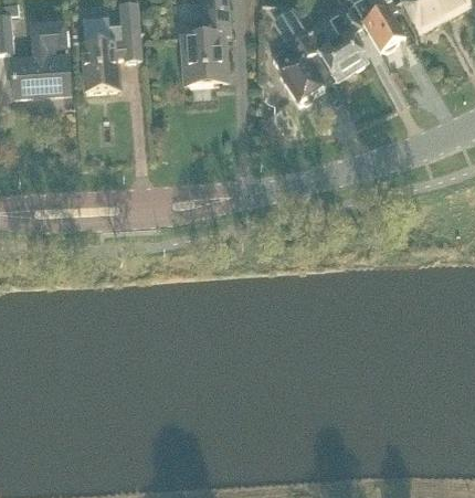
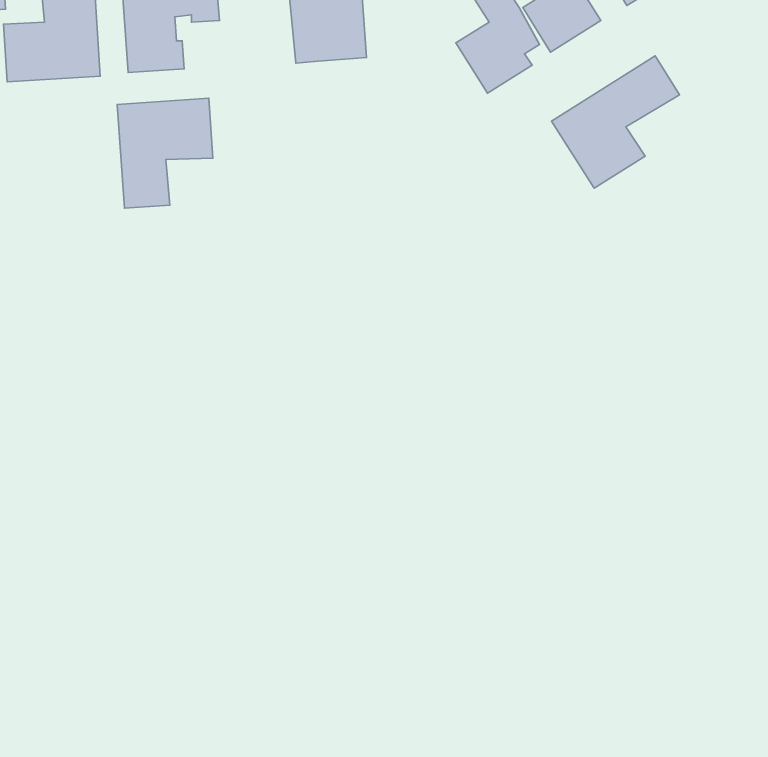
building: none -> [551,56,679,188]
building: none -> [117,98,213,208]

